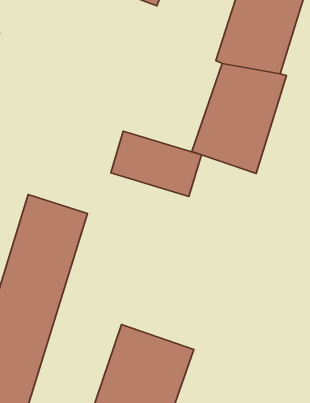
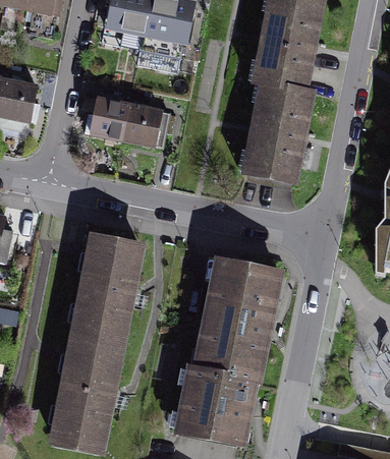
building: [111,131,201,196] -> [81,93,165,147]
building: none -> [190,257,281,360]

